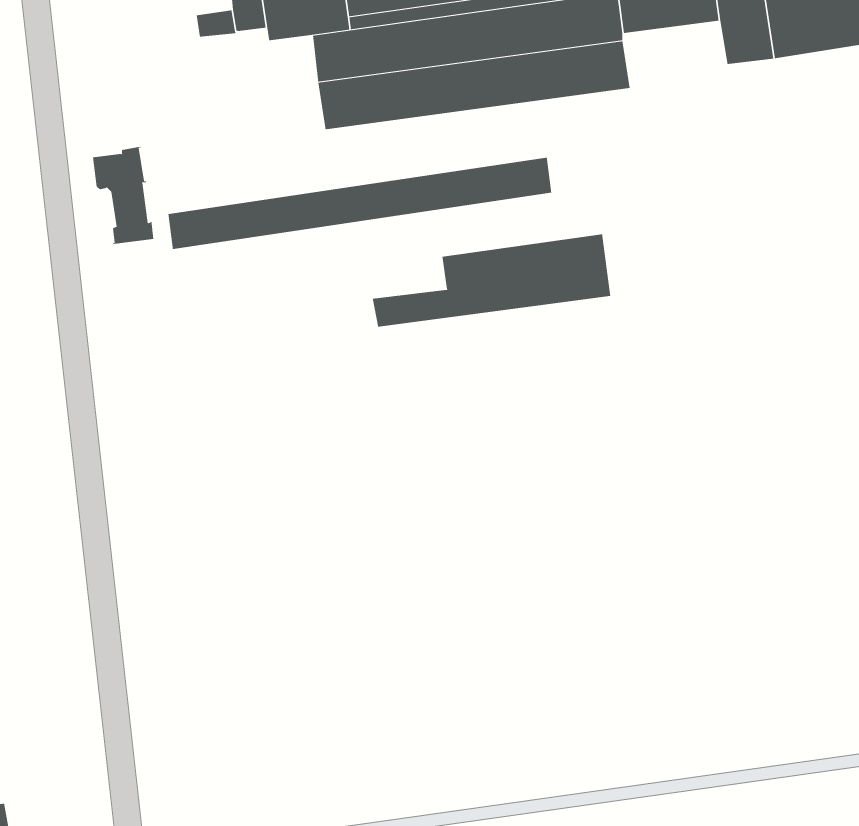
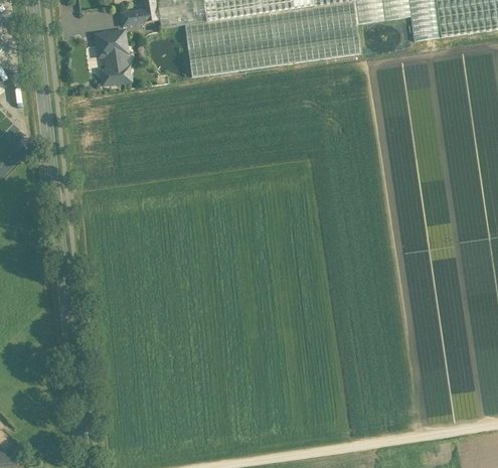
building: [92,146,154,245] -> [96,30,130,85]
building: [168,157,552,250] -> none
building: [372,234,611,328] -> none

